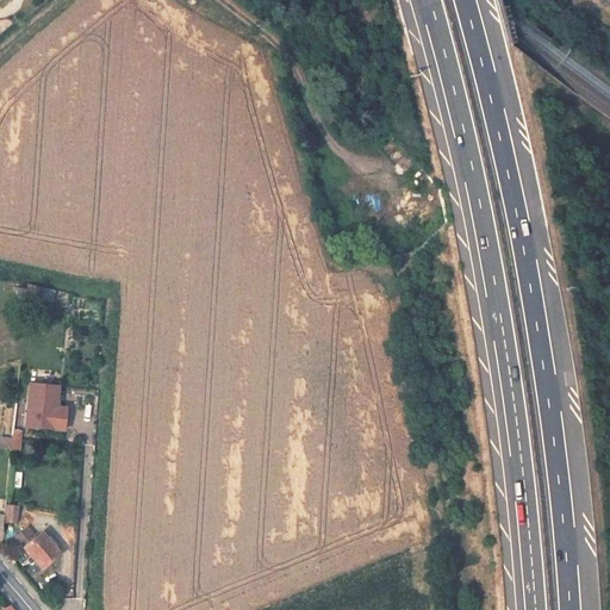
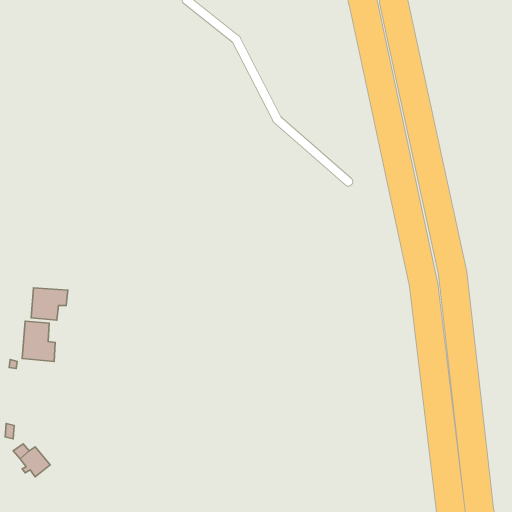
building: none -> [31,288,68,320]

